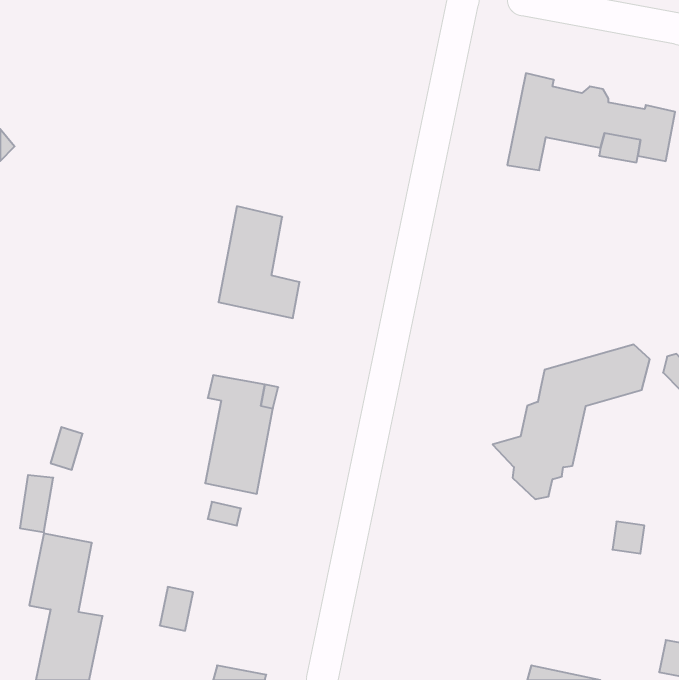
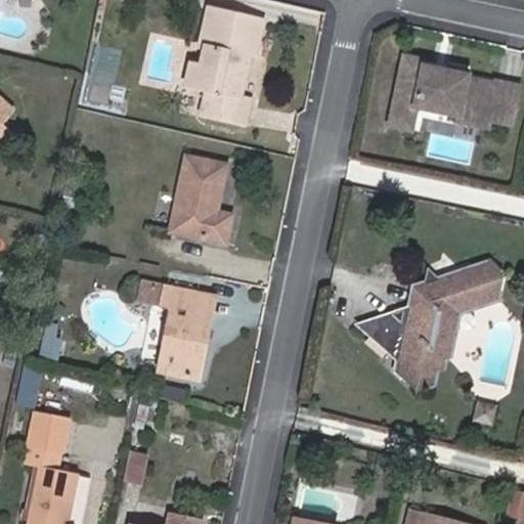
building: none -> [185,11,259,125]
building: none -> [355,299,417,342]

